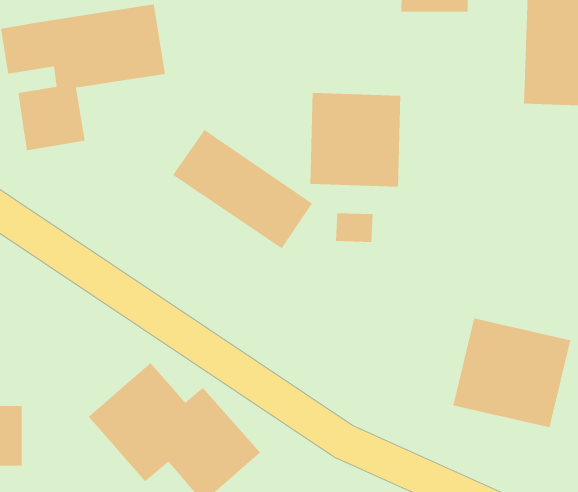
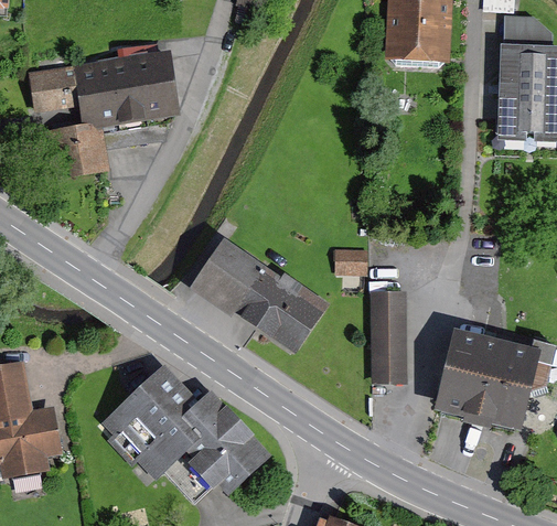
building: [310,92,401,187] -> none
building: [172,129,313,249] -> [195,240,321,347]
building: none -> [371,290,409,383]

